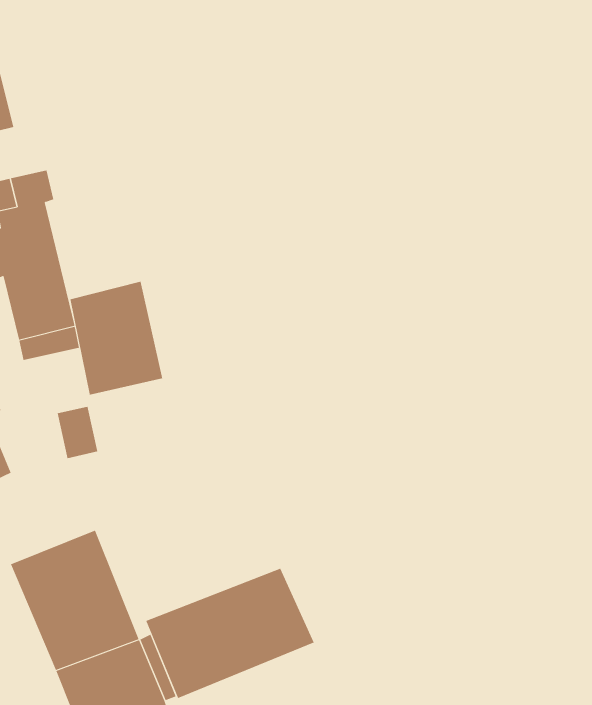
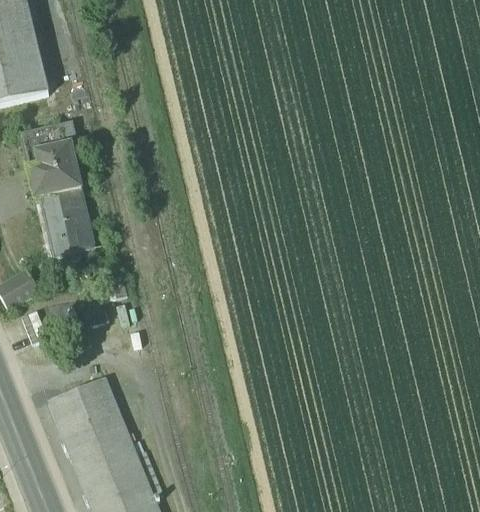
building: [70,281,163,395] -> none
building: [145,568,314,699] -> none

